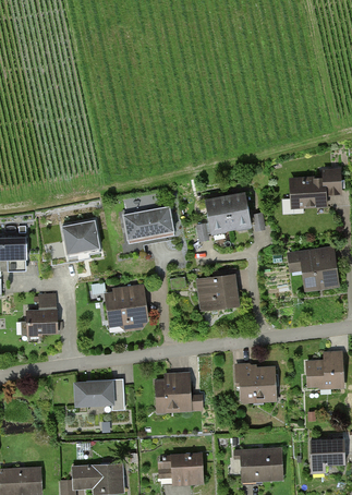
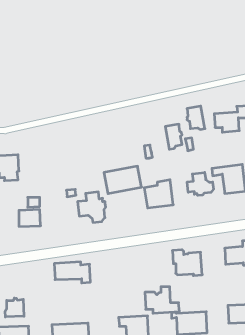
building: [207,198,231,230] -> [187,106,205,129]
building: [123,207,174,244] -> [104,166,142,194]
building: [61,220,100,263] -> none
building: none -> [187,172,214,195]
building: [155,374,202,410] -> [145,287,179,313]
building: none -> [5,298,24,317]

